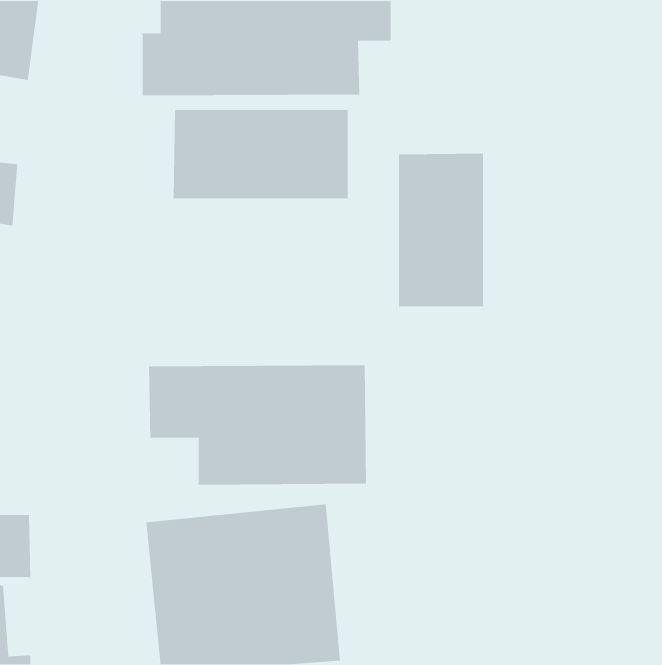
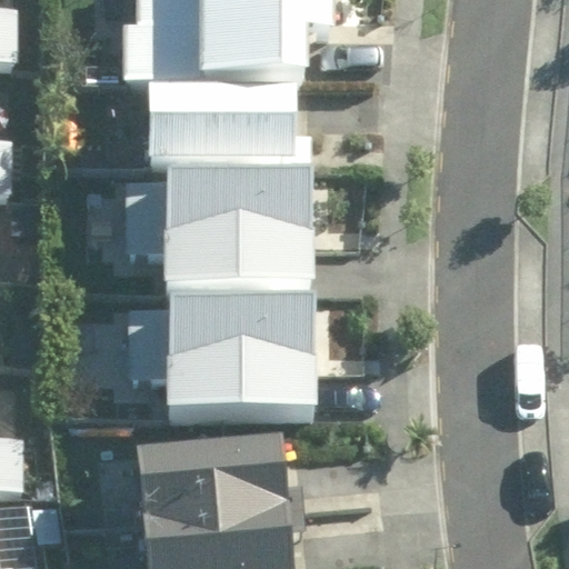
building: [398,153,484,307] -> none
building: none -> [126,181,310,291]

